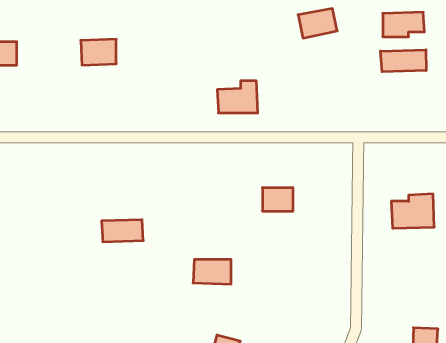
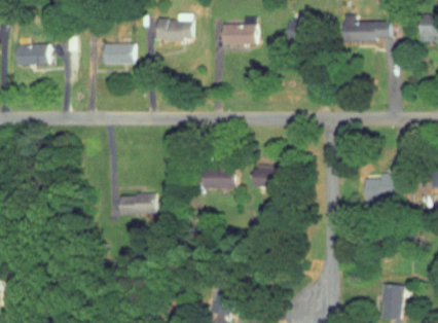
building: none -> [154,19,190,42]
building: [380,50,426,72] -> none
building: [217,81,258,113] -> [220,17,254,44]
building: [193,260,231,284] -> [203,169,234,189]

